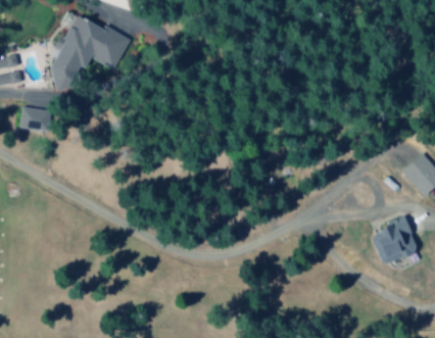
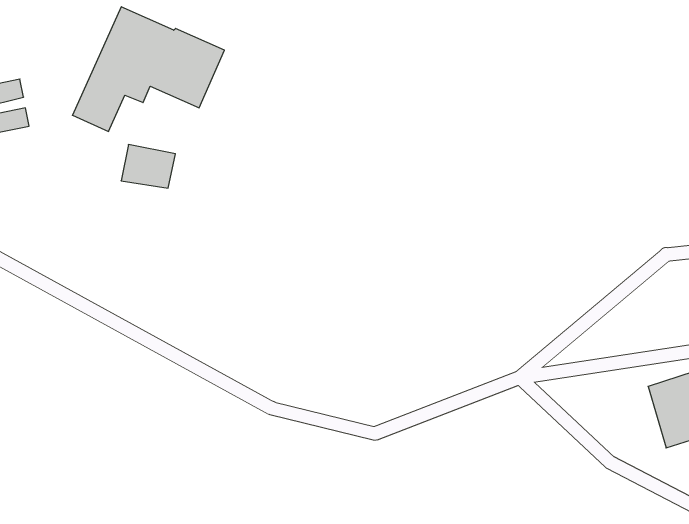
building: [19,107,50,132] -> [121,145,175,188]

